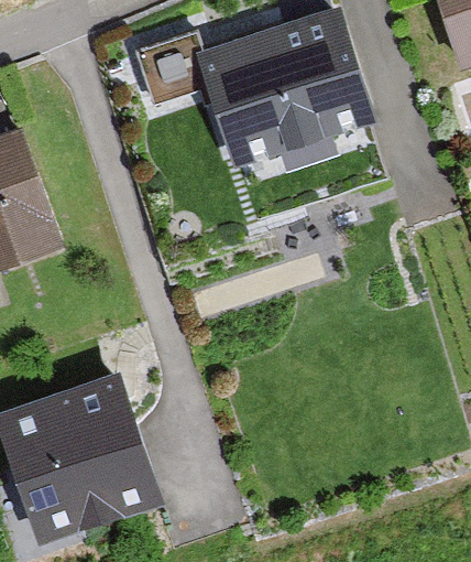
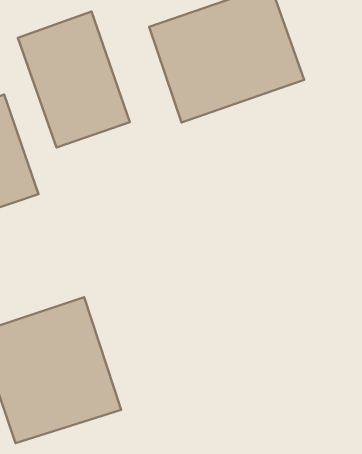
building: none -> [18,12,130,148]

